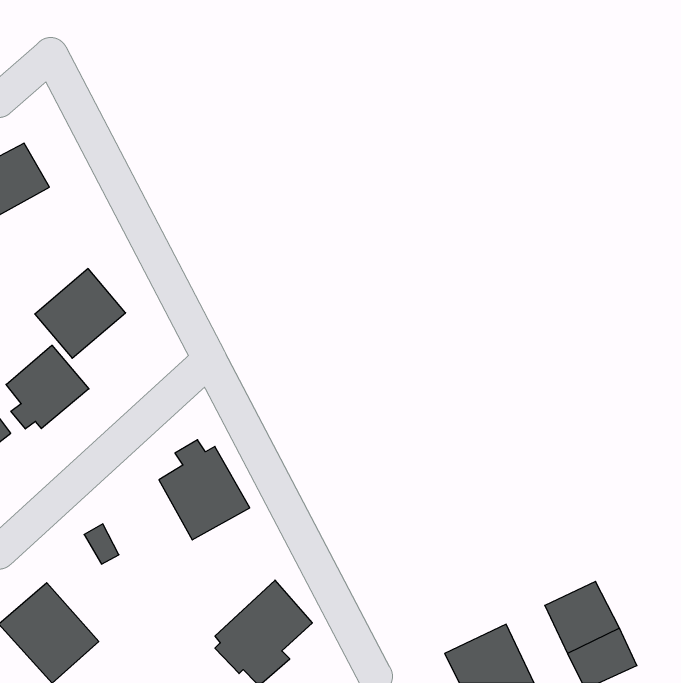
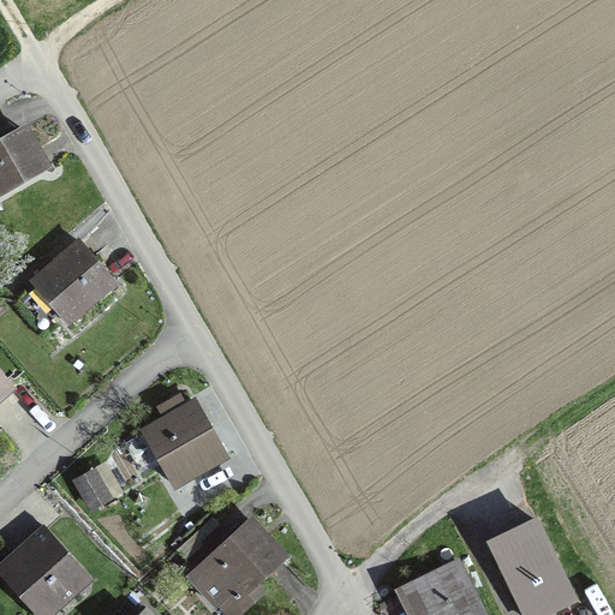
building: [6,345,89,429] -> none

